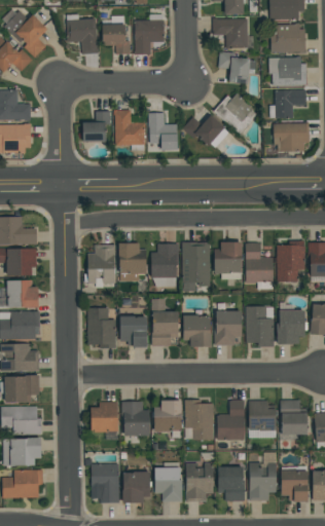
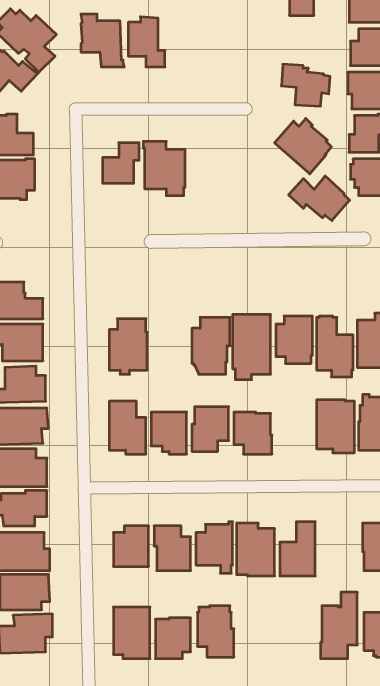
building: [134,13,164,54] -> none
building: [212,18,247,49] -> none
building: [148,113,177,151] -> none
building: [182,114,228,148] -> [289,176,350,221]
building: [118,243,146,281] -> none
building: [214,310,242,345] -> none
building: [248,400,275,438] -> none
building: [185,462,213,501] -> none
building: [217,466,244,501] -> none

